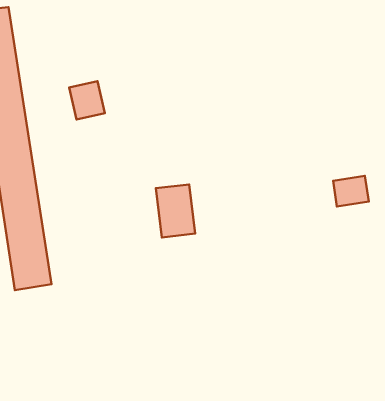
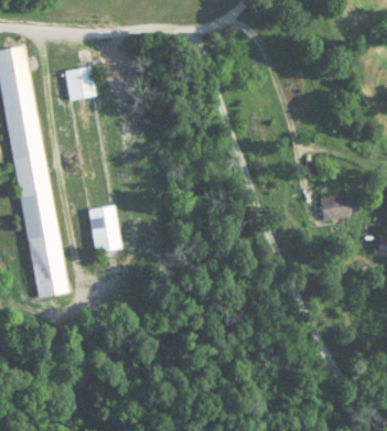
building: [69,81,105,119] -> [63,66,95,100]
building: [156,184,195,237] -> [86,205,121,252]

